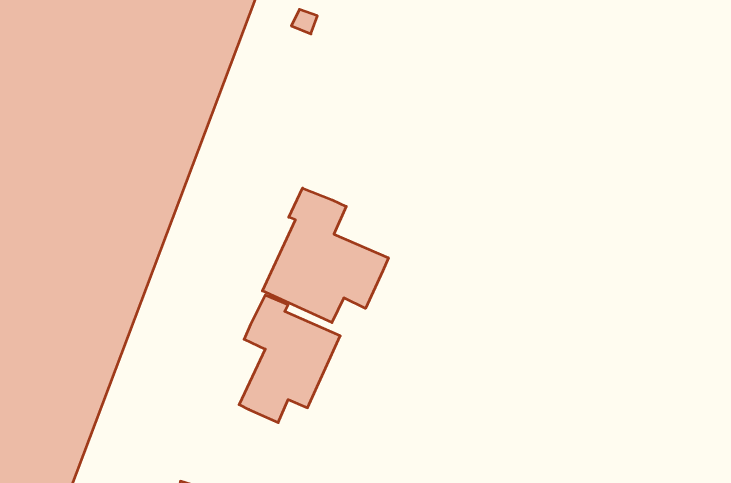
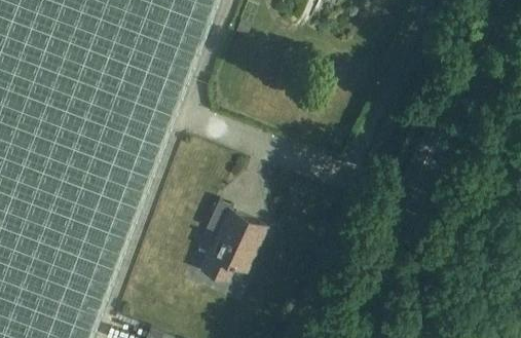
building: [262,188,388,323] -> none

